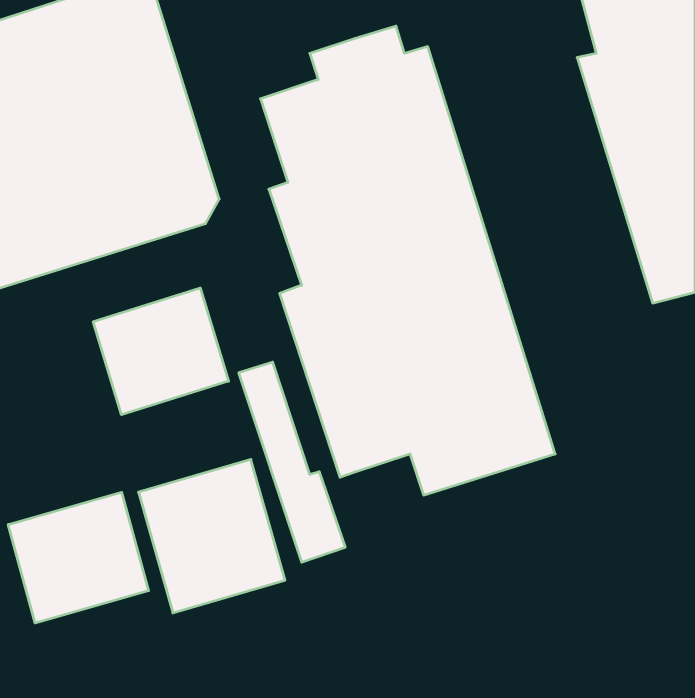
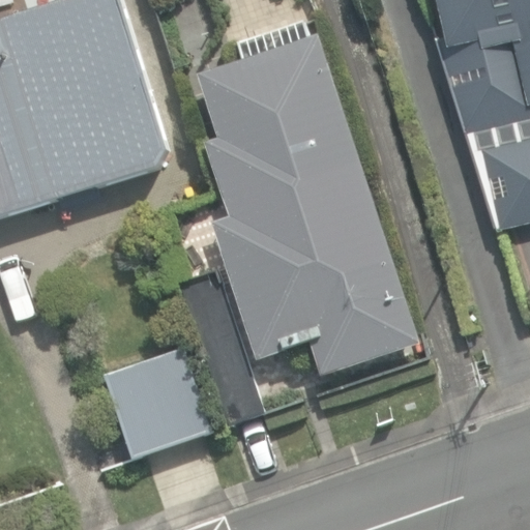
building: [93,288,229,415] -> none
building: [8,492,149,623] -> none

